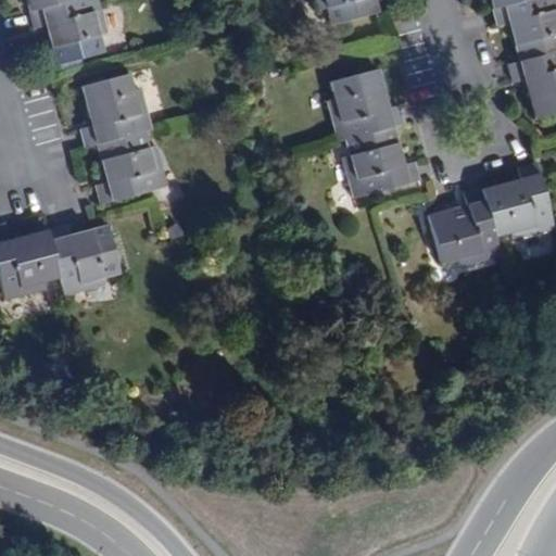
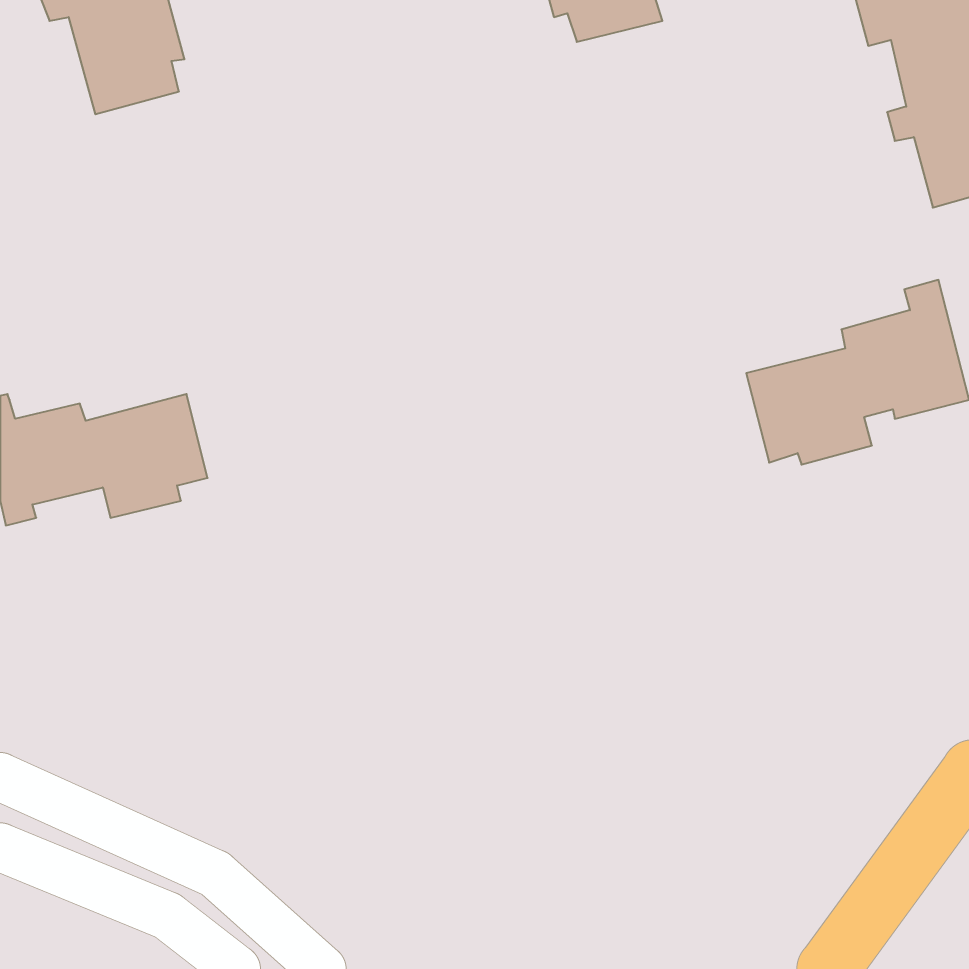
building: [328,68,419,198] -> none
building: [80,73,167,203] -> none

